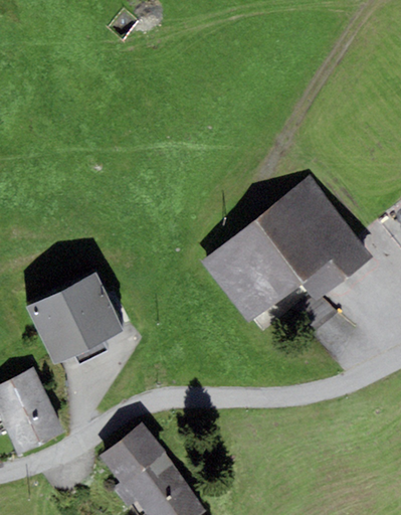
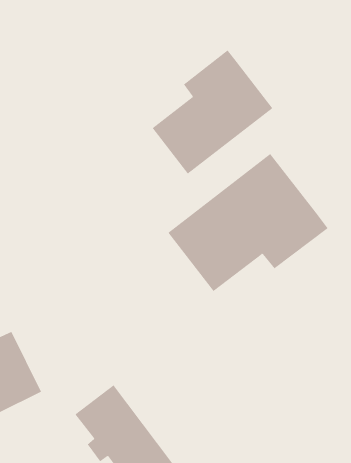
building: none -> [152,49,273,174]
building: [26,275,123,364] -> none

